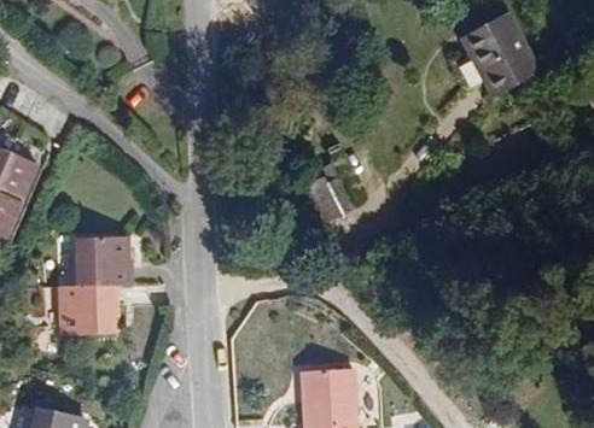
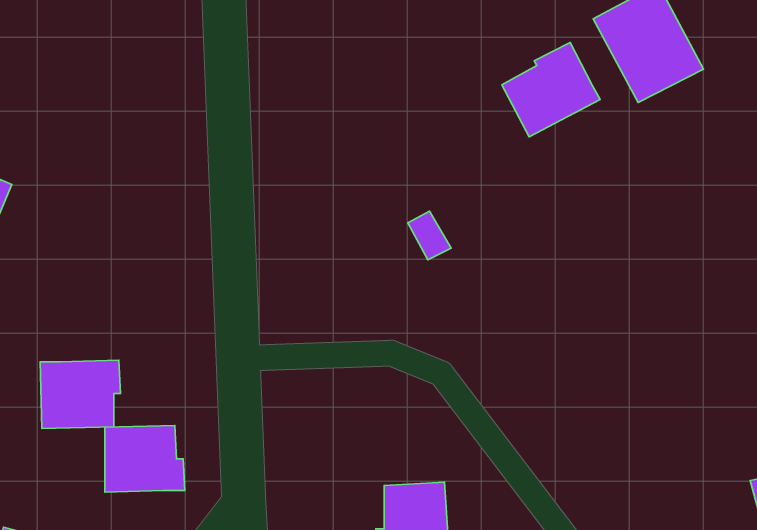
building: none -> [502,43,600,137]
building: [75,236,133,285] -> [105,425,185,492]

